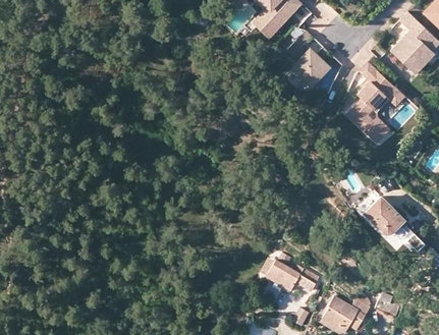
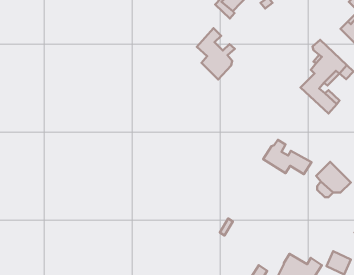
building: [287,31,329,87] -> [197,28,235,79]
building: [266,255,319,292] -> [263,140,311,174]

